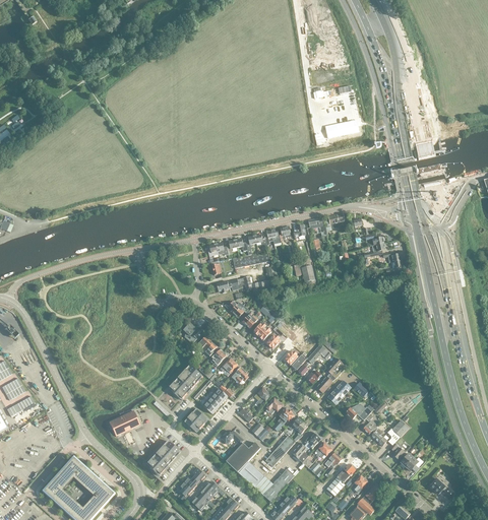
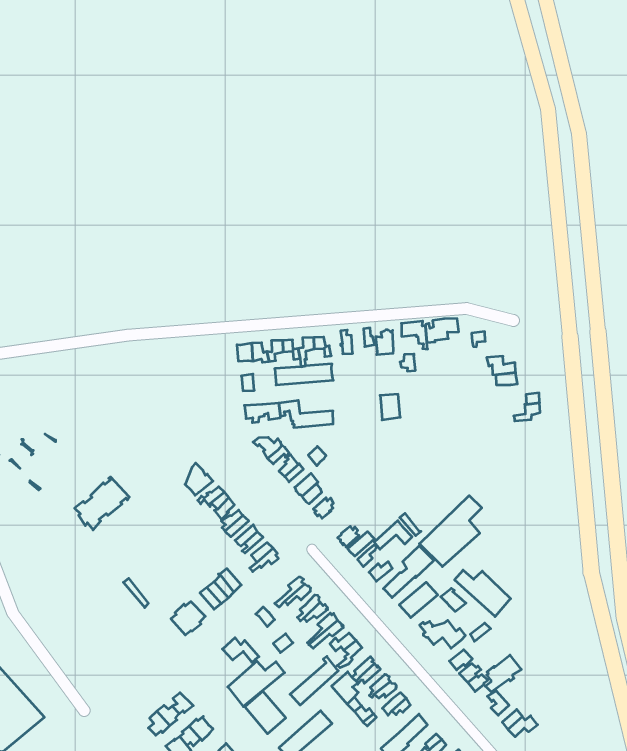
building: none -> [419,496,482,567]
building: [169,364,202,398] -> [75,477,129,530]
building: none -> [455,570,511,617]
building: [109,409,139,435] -> none
building: [146,440,179,473] -> none

